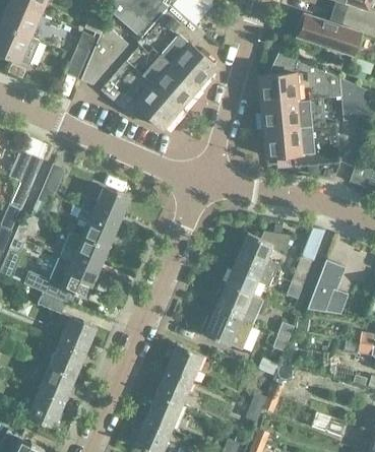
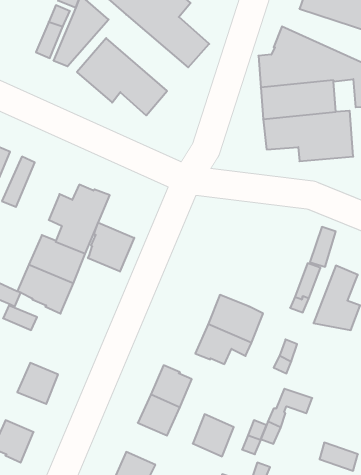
building: [127,42,198,108] -> none
building: none -> [88,223,134,272]
building: [226,232,291,295] -> none
building: [61,319,97,353] -> none
building: [40,369,75,403] -> none
building: [144,395,180,432] -> [193,414,234,456]

